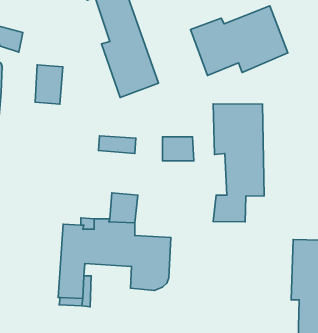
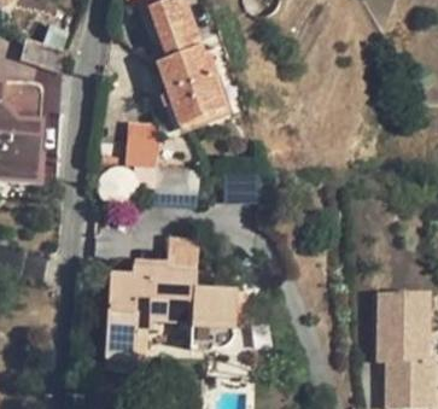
building: [191,6,288,76] -> none
building: [35,65,63,104] -> [127,122,159,168]
building: [213,104,264,222] -> none

